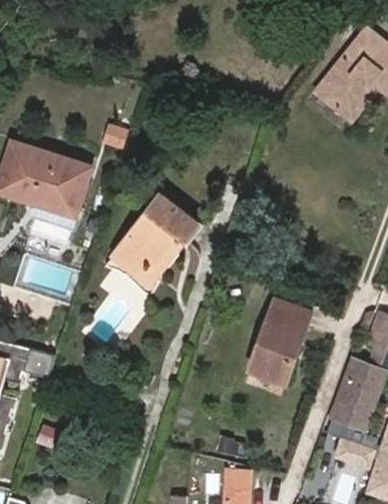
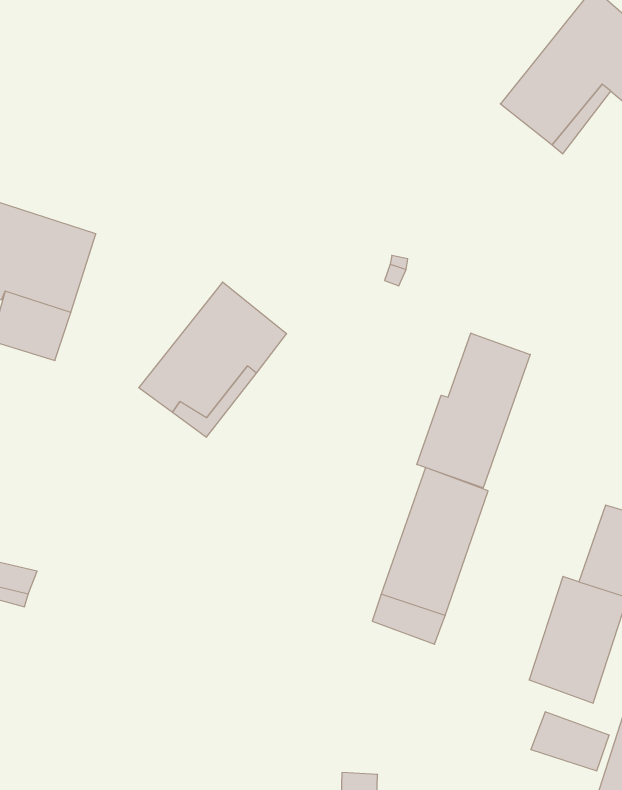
building: none -> [417,333,530,488]

